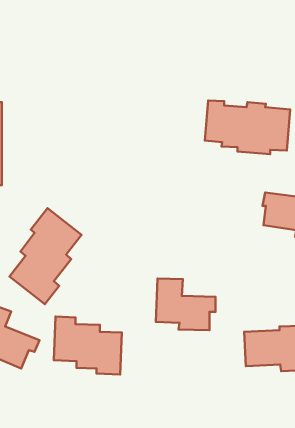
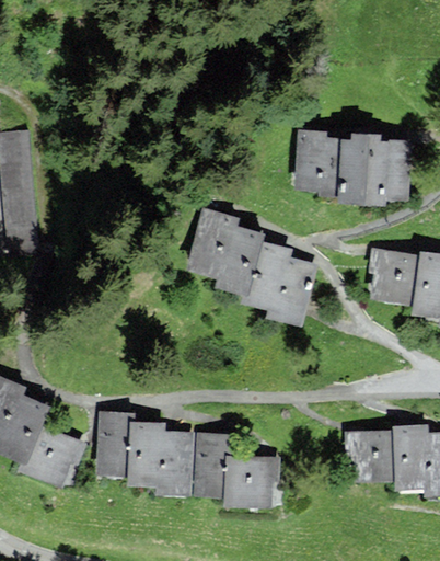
building: none -> [188,211,313,322]
building: [9,208,82,304] -> none
building: [156,278,215,330] -> [198,435,276,503]

